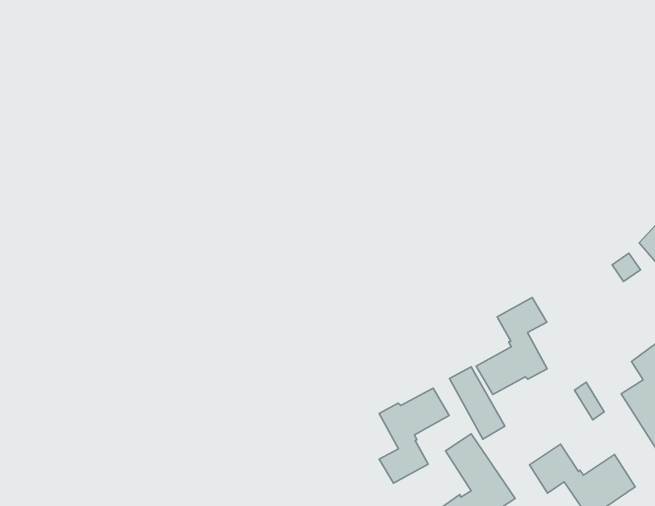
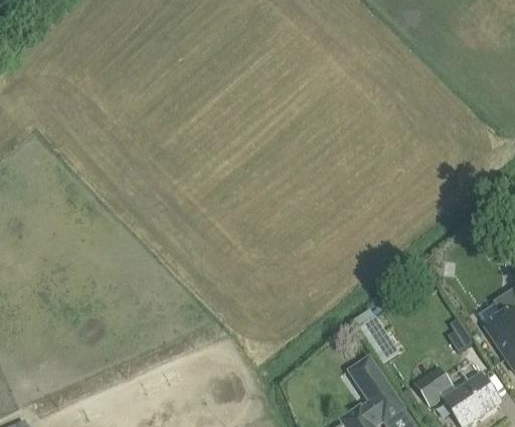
building: [476,297,547,394] -> none
building: [379,388,449,483] -> none

